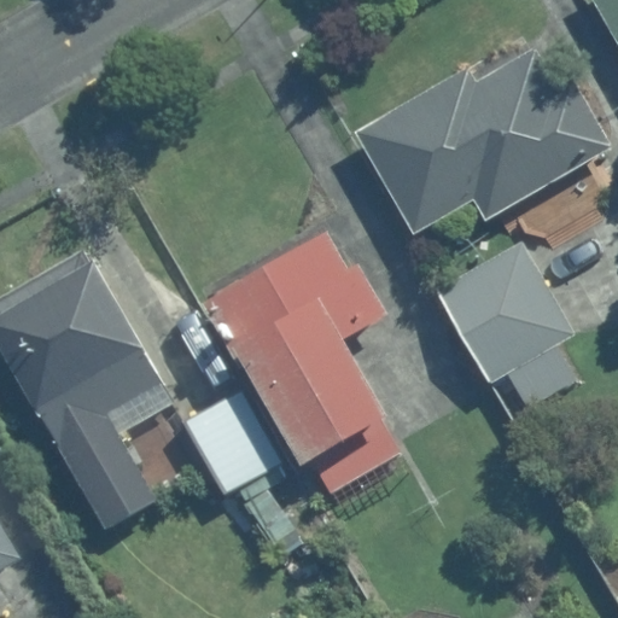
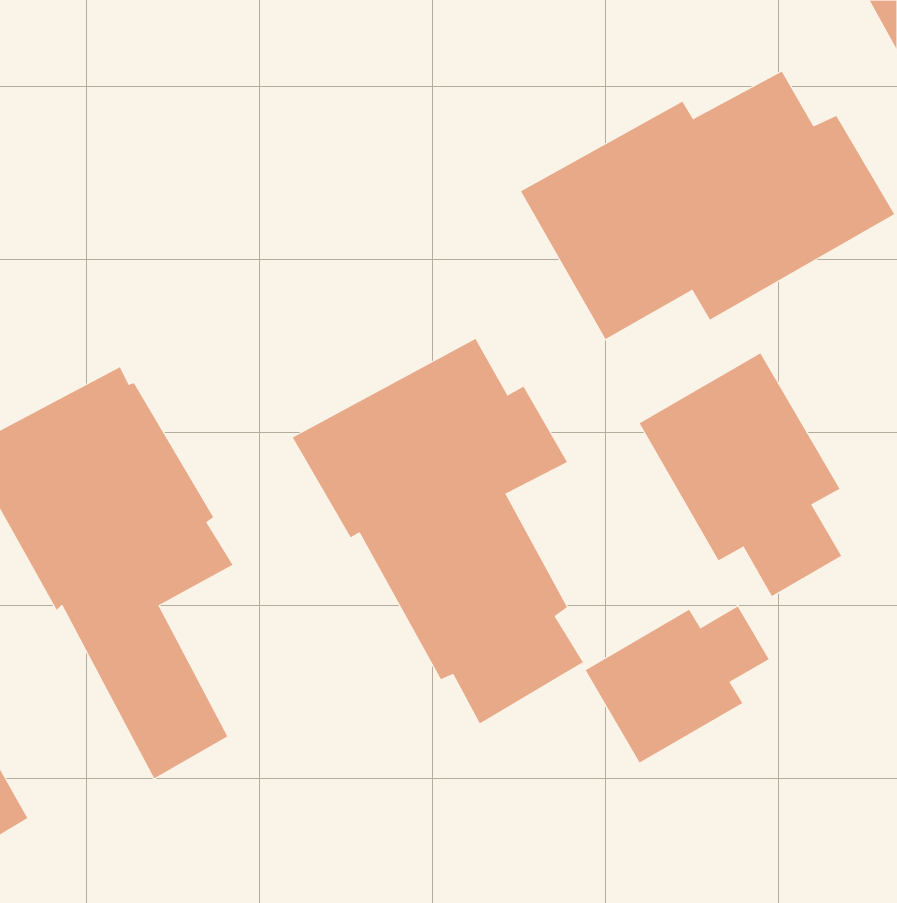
building: [186,391,279,494] -> none
building: none -> [585,606,769,763]

